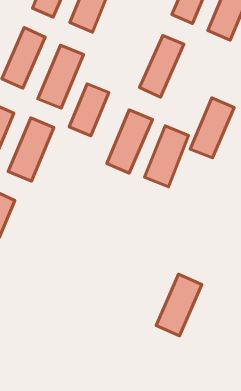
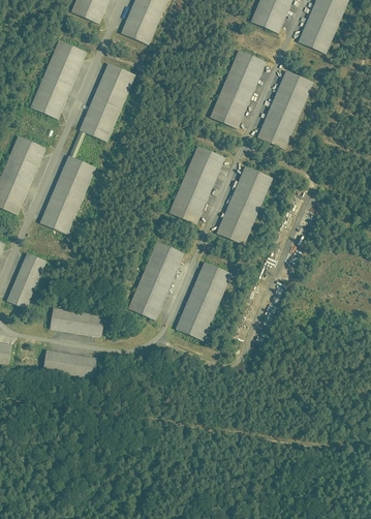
building: [69,84,109,136] -> none
building: [190,98,234,158] -> [257,70,314,148]
building: none -> [127,241,184,318]
building: none -> [48,307,102,334]
building: none -> [42,350,98,377]
building: [156,274,202,336] -> [175,261,234,340]

